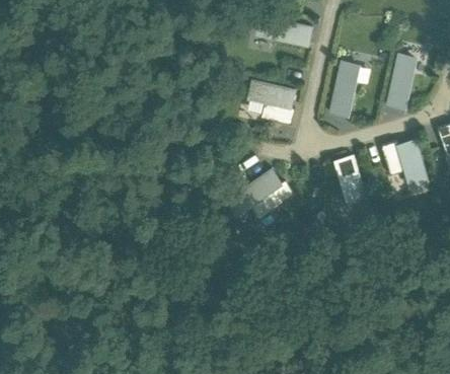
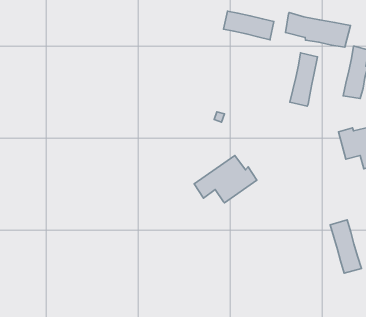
building: none -> [286,13,350,47]
building: [250,80,296,125] -> none
building: [335,155,369,212] -> [330,220,361,273]

